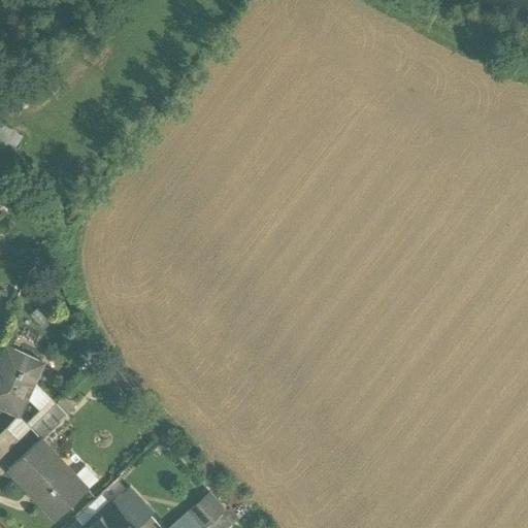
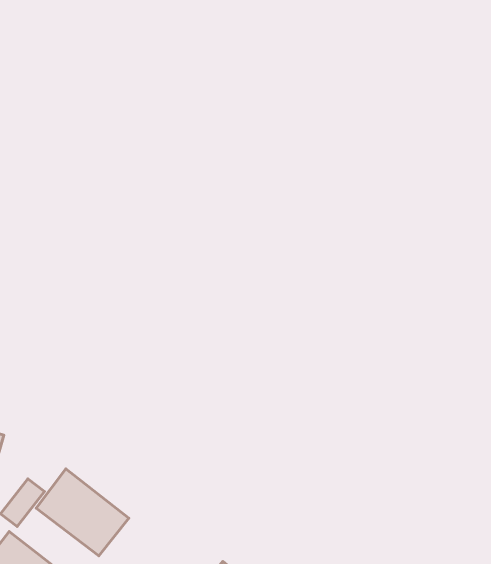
building: none -> [36,469,129,556]

